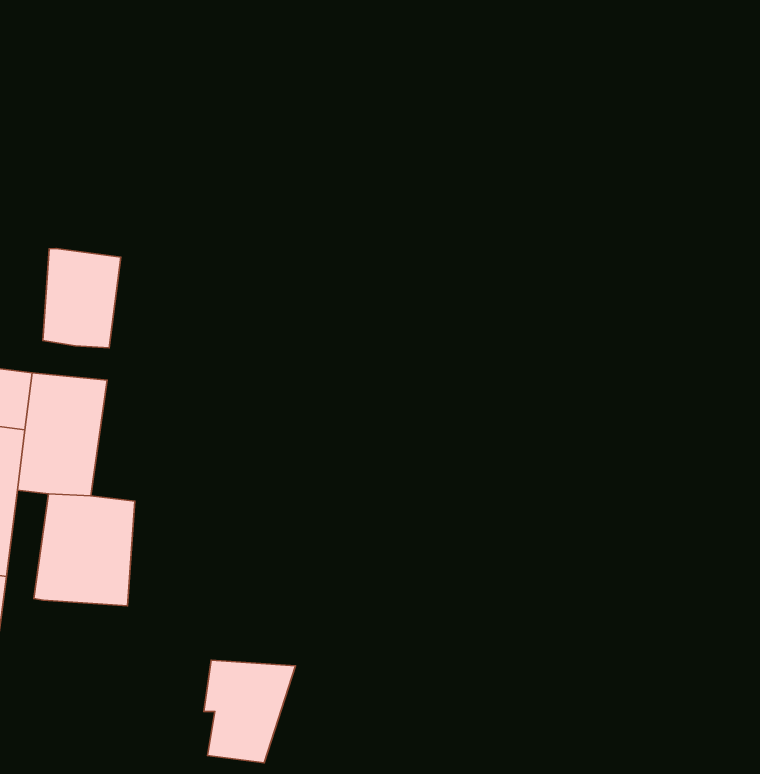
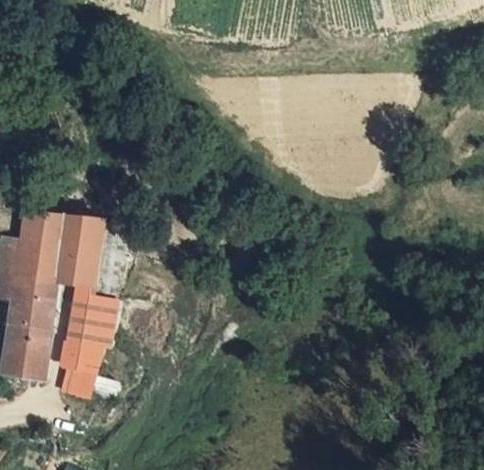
building: [43,249,121,348] -> none
building: [204,660,295,763] -> [65,341,115,397]

